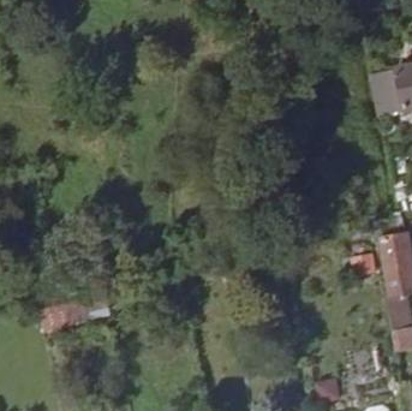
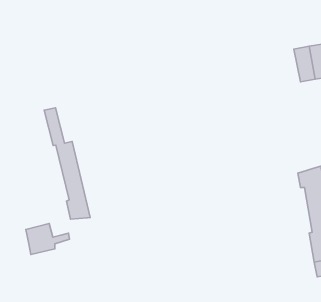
building: none -> [44,108,90,219]

